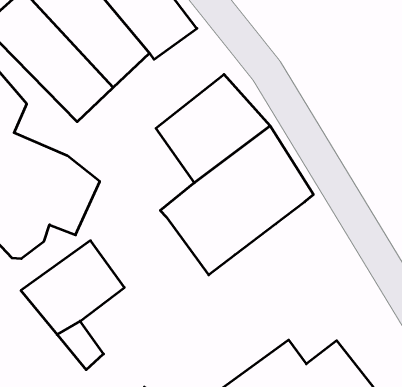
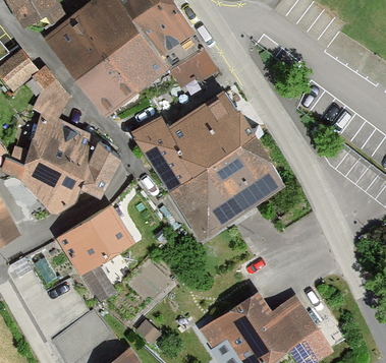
building: none -> [169,49,218,87]
building: none -> [130,113,194,186]

